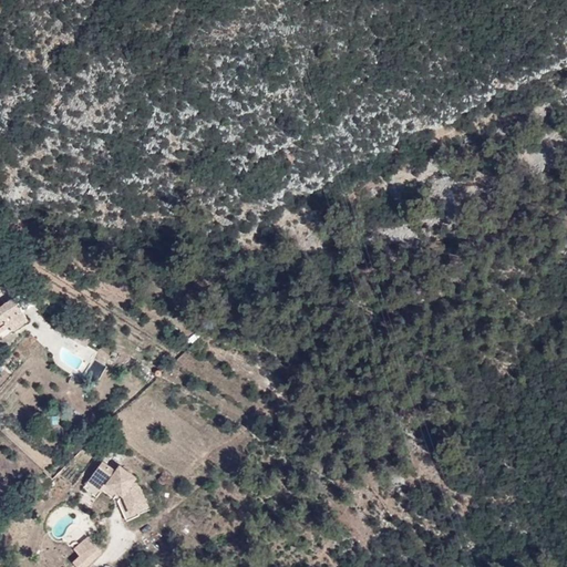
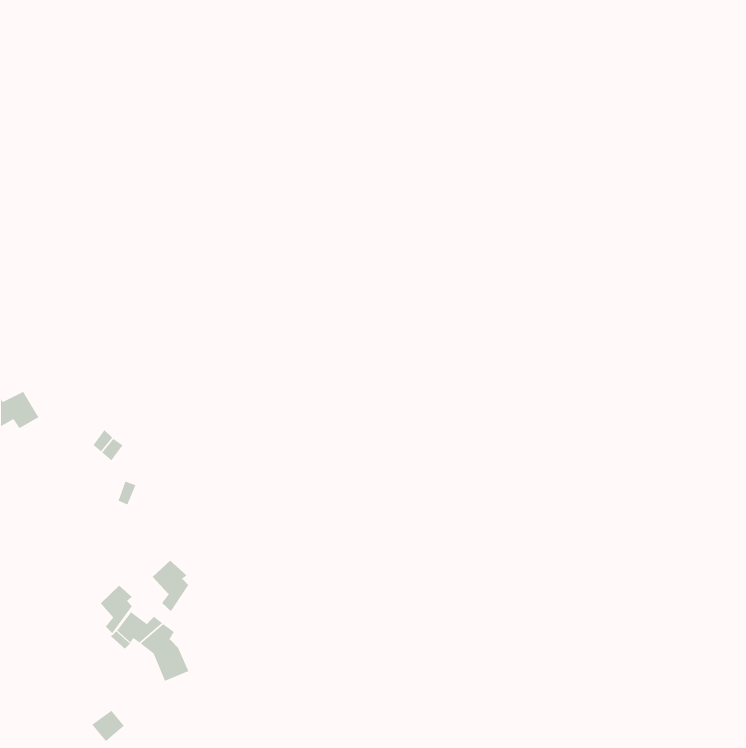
building: none -> [152,560,189,612]
building: none -> [100,585,133,634]

